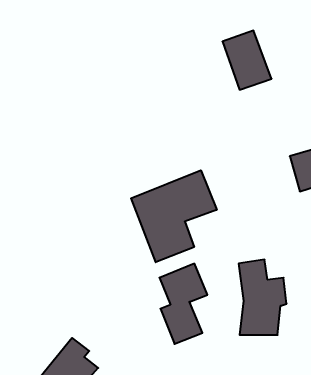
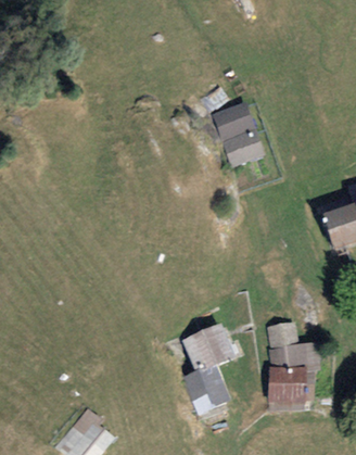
building: [222,31,272,90] -> [212,102,265,166]
building: [131,170,217,262] -> none

